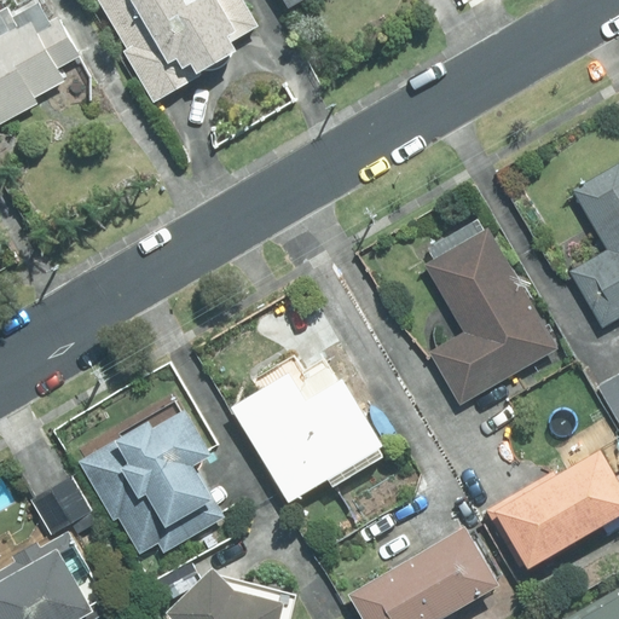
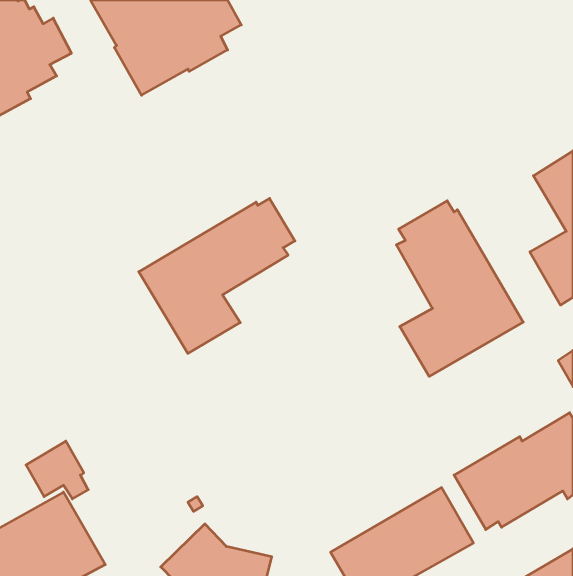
building: none -> [139,198,295,353]
building: [235,358,389,501] -> none
building: [79,405,224,555] -> none

